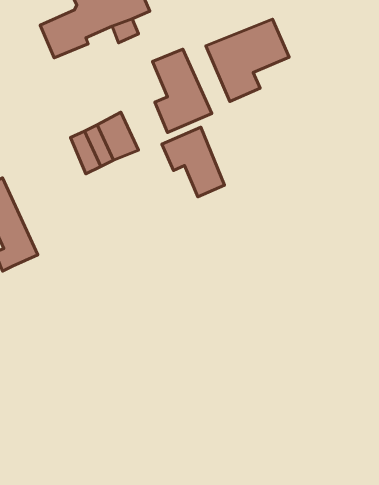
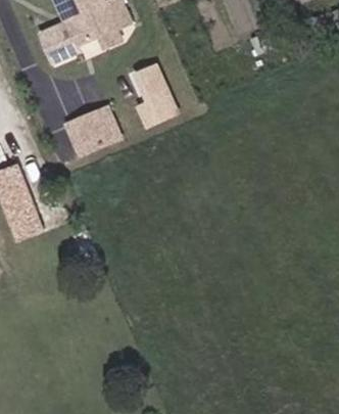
building: [206,19,289,102] -> none
building: [162,127,224,197] -> none

